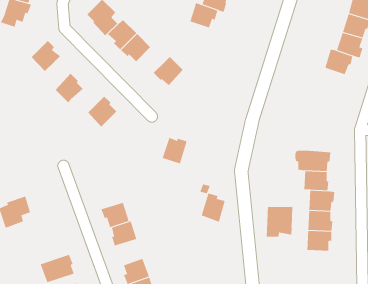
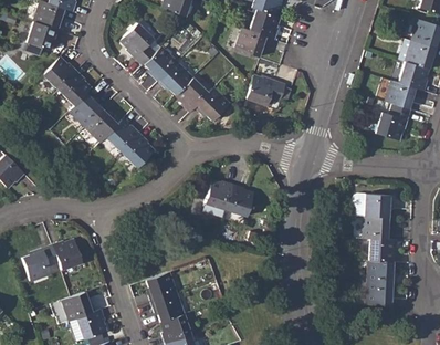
building: none -> [42,56,77,88]
building: none -> [245,75,285,105]
building: none -> [176,77,208,112]
building: none -> [70,93,103,125]
building: none -> [375,103,412,139]
building: none -> [105,118,140,150]
building: none -> [53,239,82,269]
building: [201,193,226,222] -> [226,182,253,216]
building: [101,202,129,228] -> [151,292,184,321]
building: [266,206,293,238] -> none
building: none -> [62,291,95,320]

